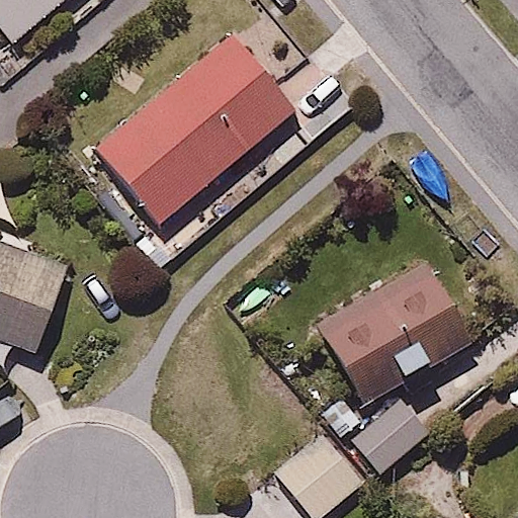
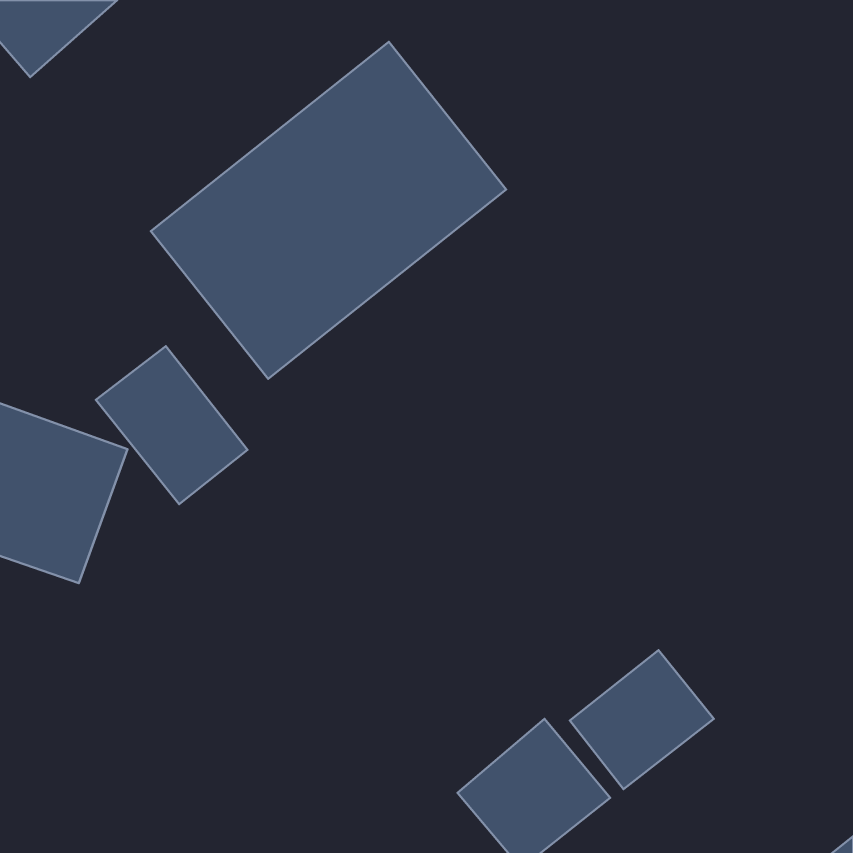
building: none -> [96,346,247,504]
building: [310,254,467,400] -> none

